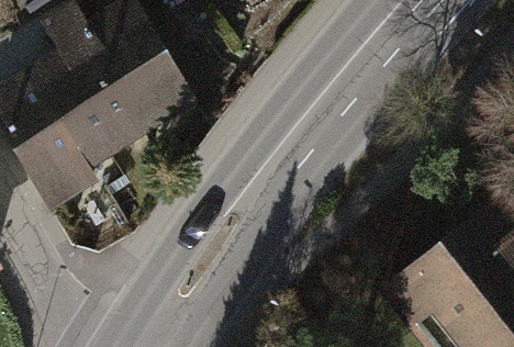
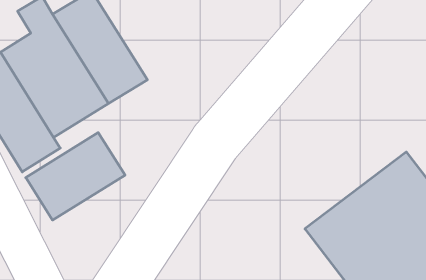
building: none -> [26,133,125,220]

